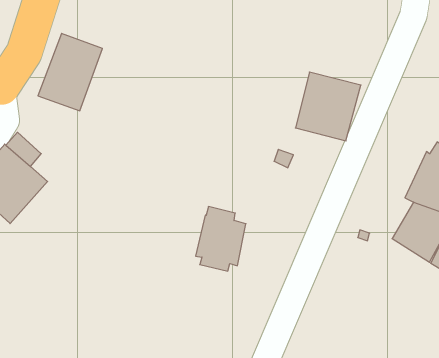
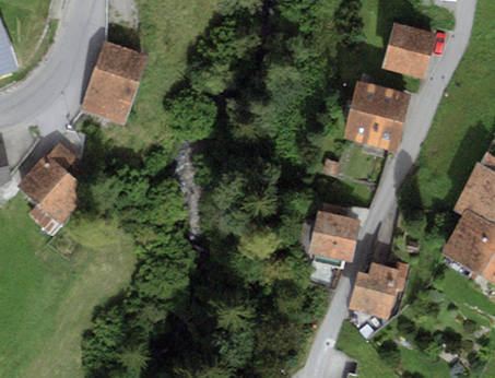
building: none -> [381,21,436,78]
building: [196,207,246,271] -> [308,202,360,268]
building: none -> [351,263,410,319]

